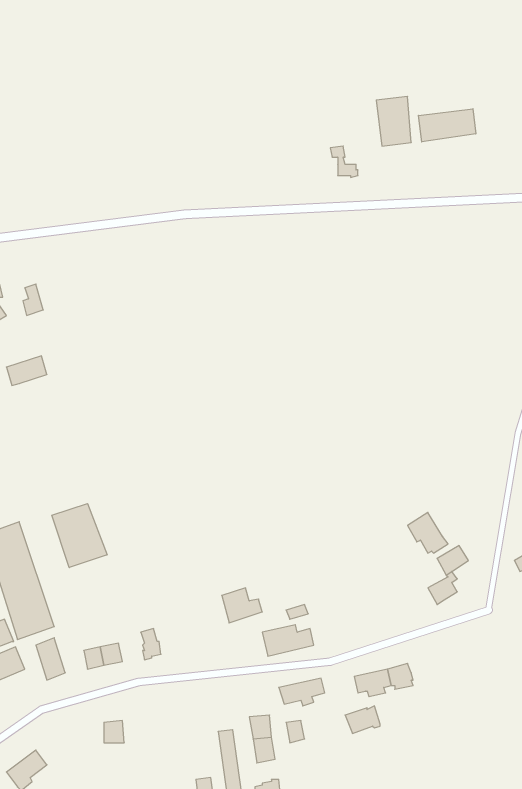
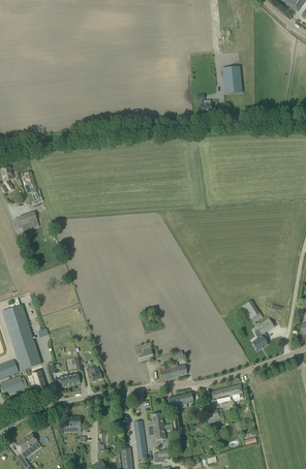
building: [418,109,476,142] -> none
building: [52,504,107,568] -> none

